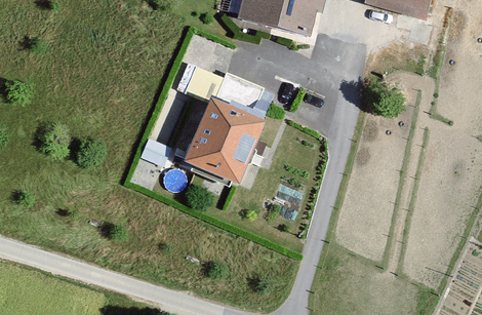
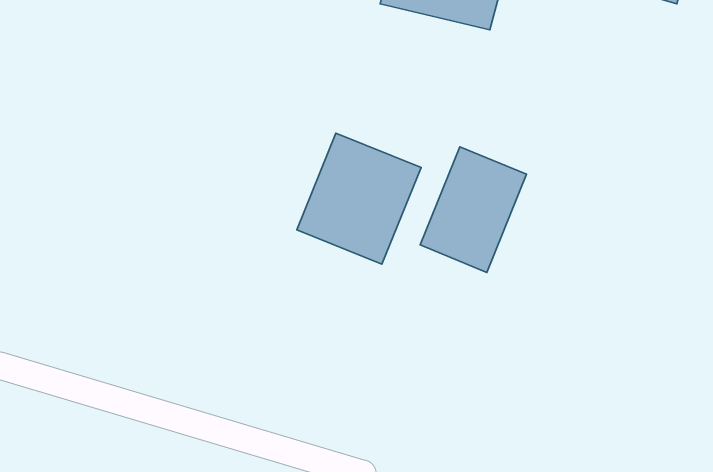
building: none -> [420,147,527,272]

